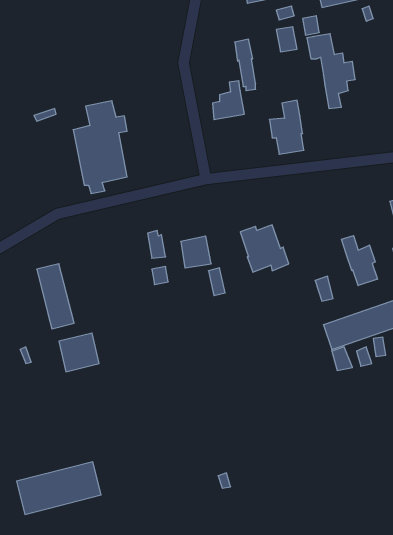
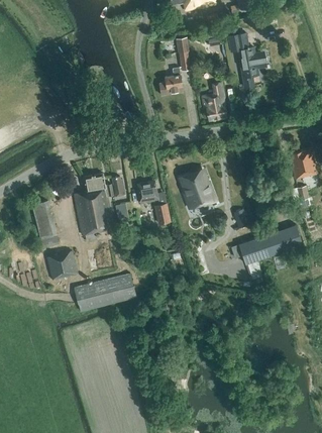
building: [73,101,127,194] -> [74,173,113,240]
building: [342,236,377,286] -> none
building: [17,462,101,514] -> [75,273,136,311]

